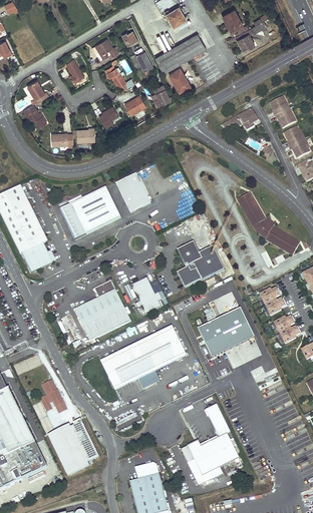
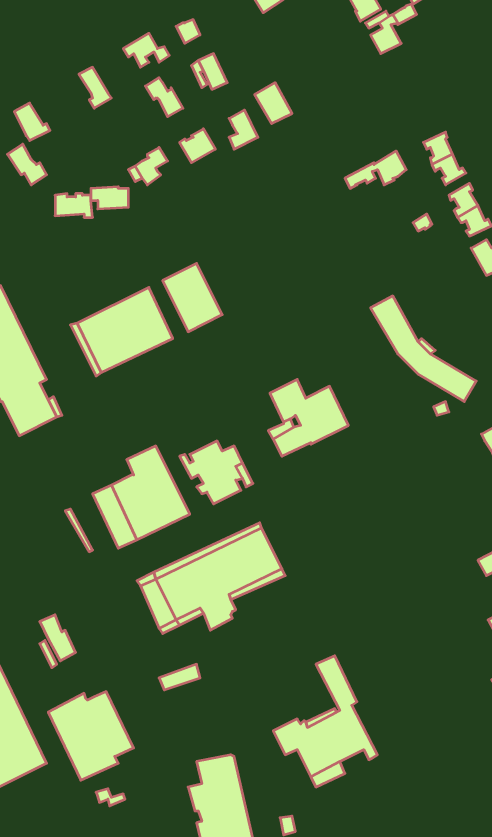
building: [155,33,205,71] -> none
building: [259,287,286,315] -> none
building: [198,309,253,357] -> none
building: [273,315,301,343] -> none

